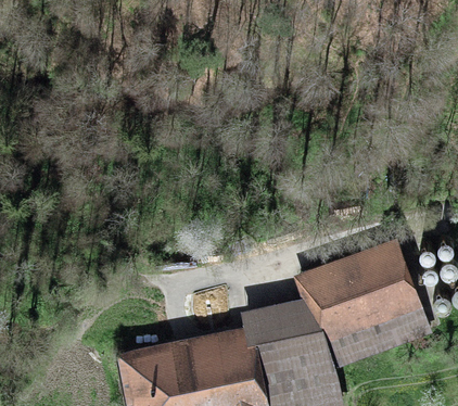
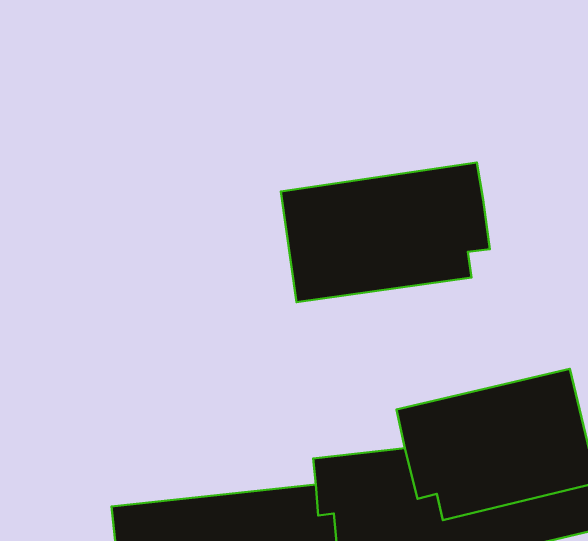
building: none -> [281,163,490,302]

